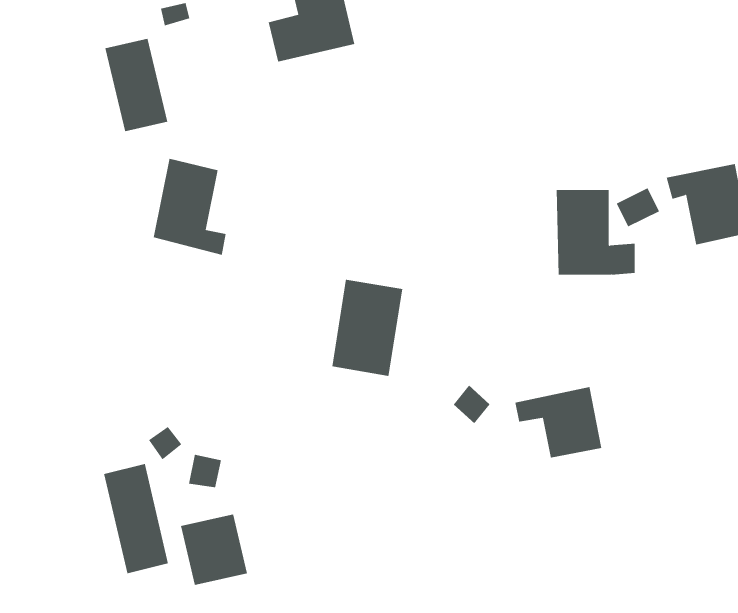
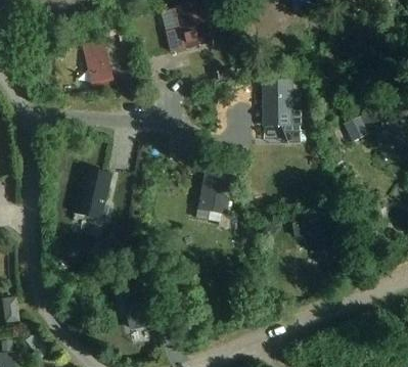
building: [153,158,226,256] -> [72,172,109,222]
building: [556,190,635,275] -> [261,83,302,127]
building: [104,463,169,574] -> none

